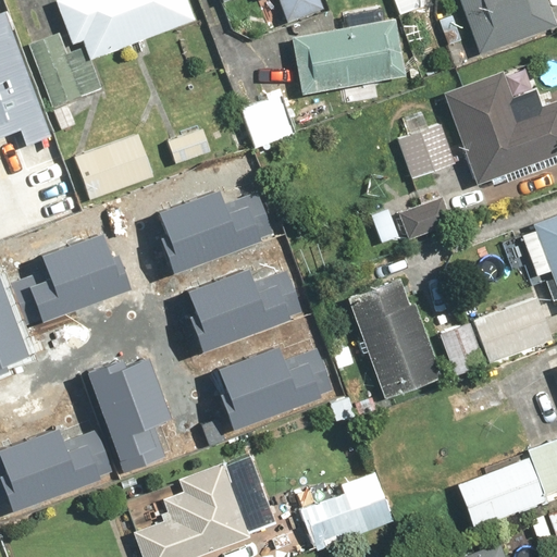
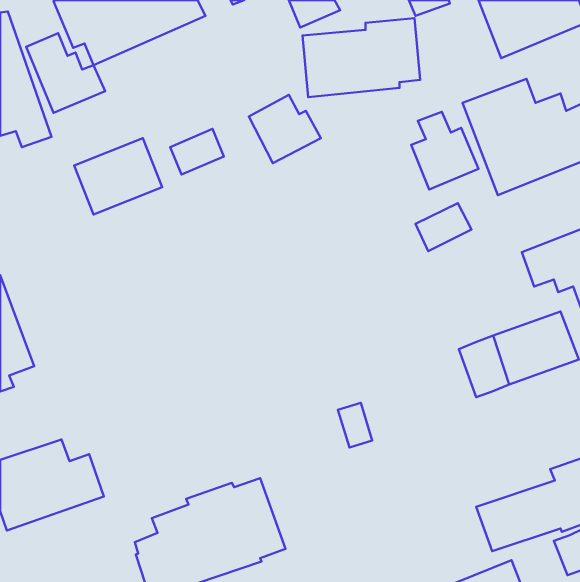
building: [158,189,285,277] -> none
building: [13,219,133,321] -> none
building: [178,258,305,347] -> none
building: [348,276,446,398] -> none
building: [207,335,320,425] -> none
building: [81,344,171,458] -> none
building: [294,481,394,548] -> none

